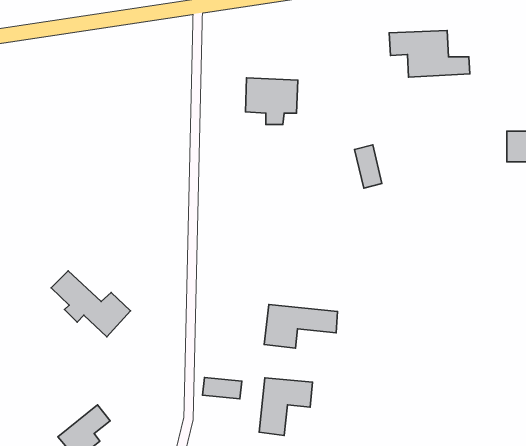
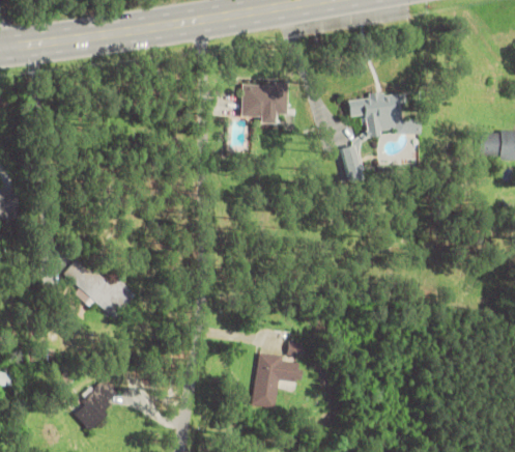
building: [389,31,470,77] -> [347,93,421,136]
building: [264,305,337,348] -> none
building: [203,377,242,399] -> none

